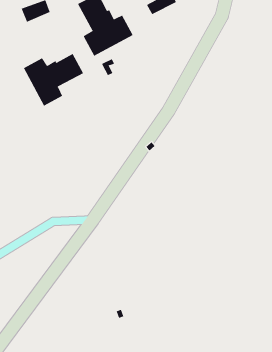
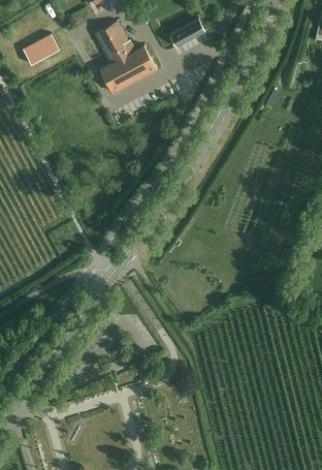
building: [23,53,84,106] -> none

